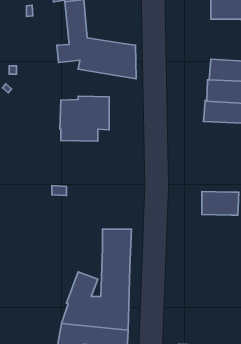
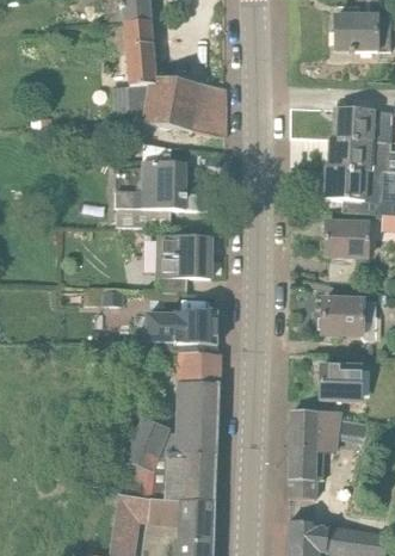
building: none -> [326,222,370,257]
building: none -> [155,237,211,278]
building: none -> [147,313,217,354]
building: none -> [320,366,363,401]
building: none -> [289,410,369,499]

